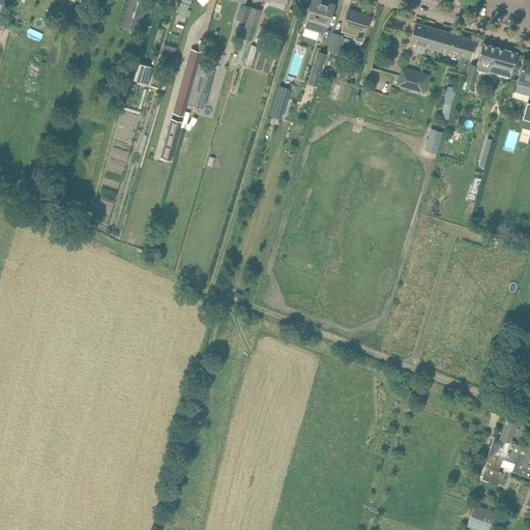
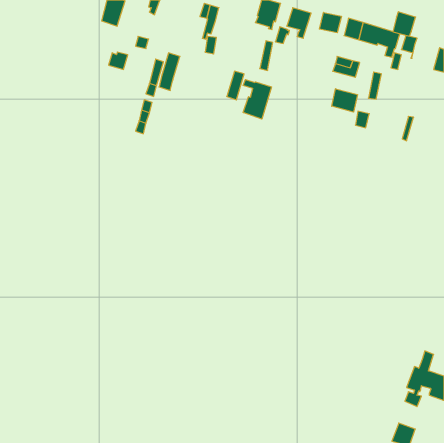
building: none -> [319,12,341,33]
building: [491,47,518,76] -> [393,12,416,36]
building: none -> [243,80,271,119]
building: none -> [332,89,357,112]

